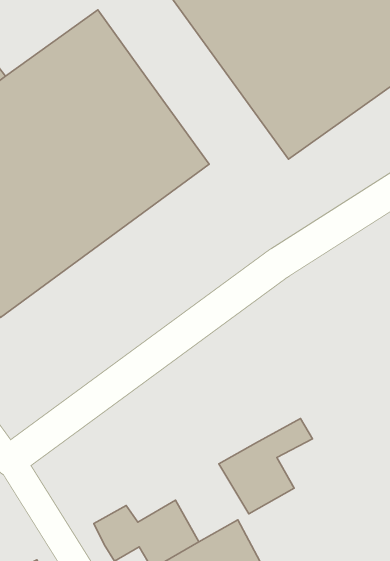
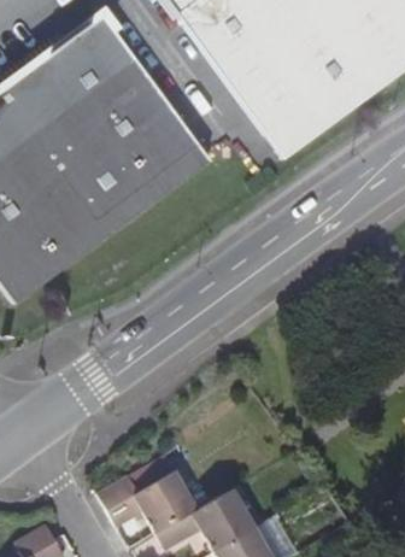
building: [219,419,313,514] -> none

